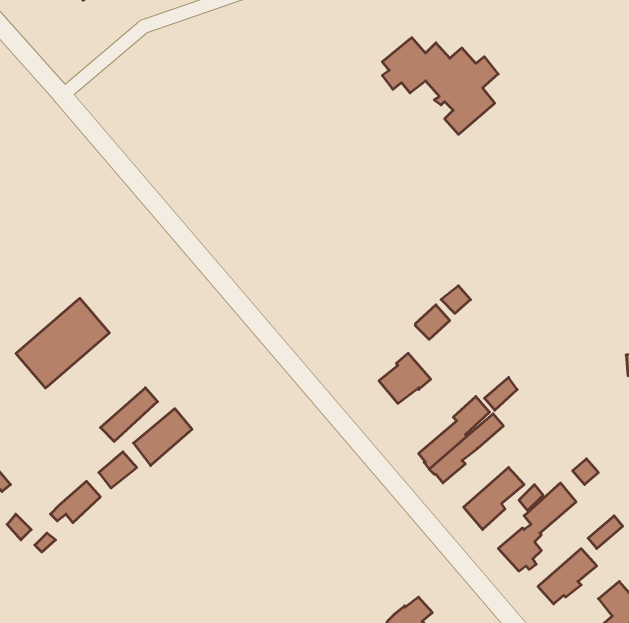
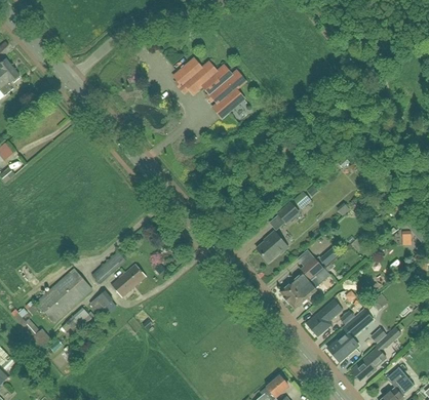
building: [382,38,498,134] -> [177,58,245,116]
building: [16,298,109,388] -> [36,269,91,322]

